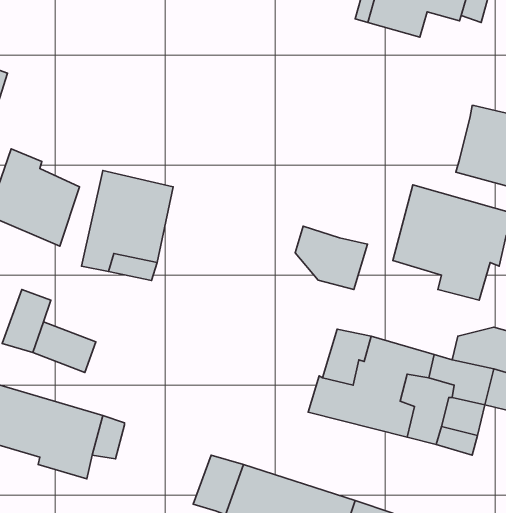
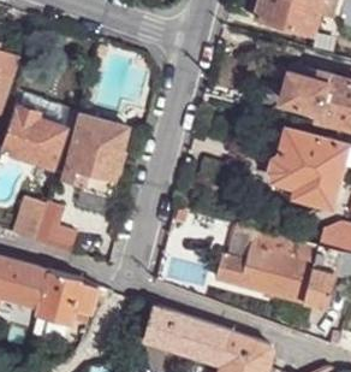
building: none -> [281,71,326,111]
building: [295,226,367,289] -> none

